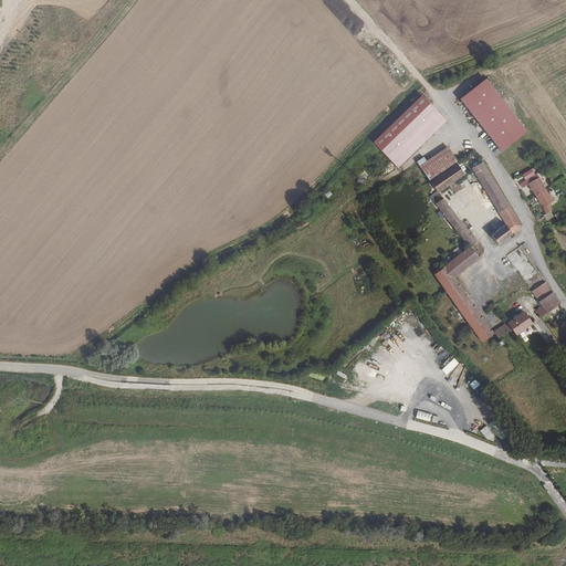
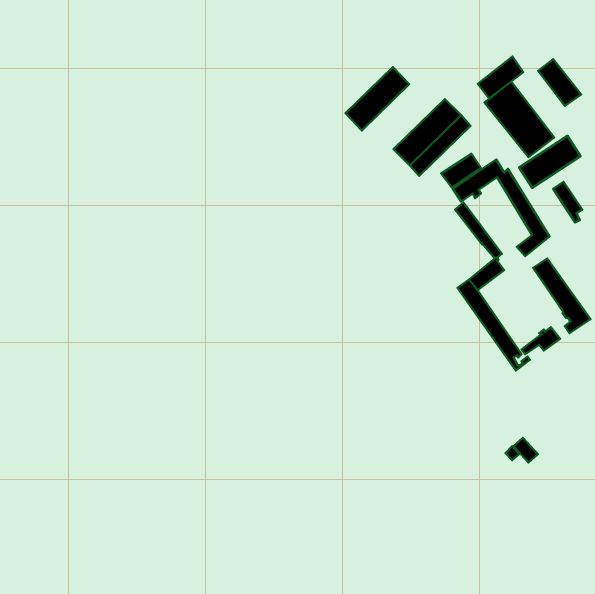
building: none -> [478,57,523,98]
building: none -> [538,59,581,106]
building: none -> [345,67,409,130]
building: none -> [519,136,581,188]

